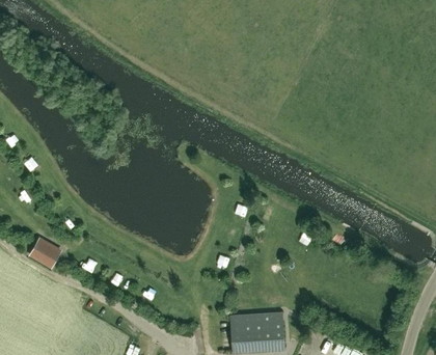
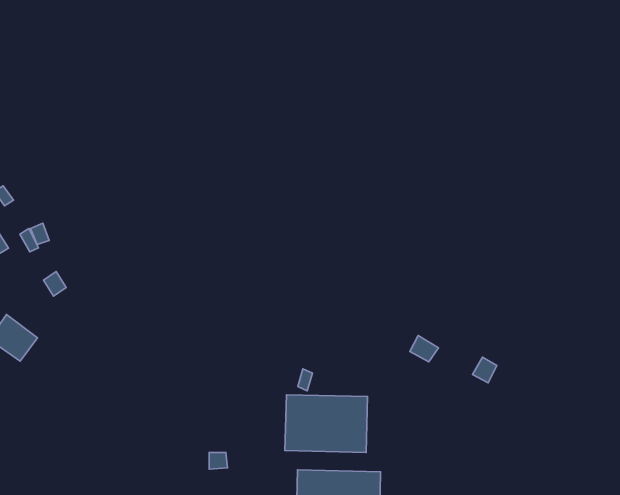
building: none -> [285,395,368,452]

